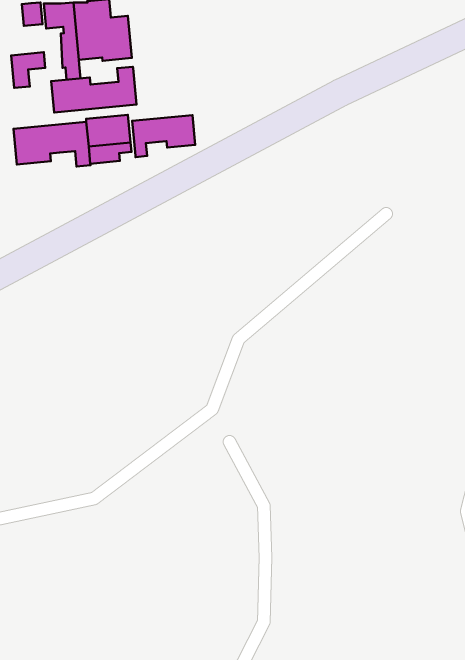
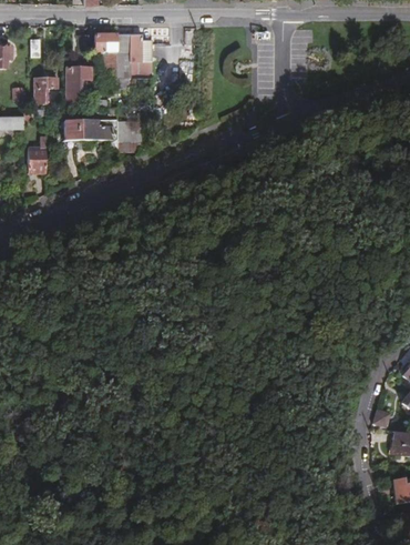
building: [51,67,137,112] -> none
building: [132,115,195,157] -> none

